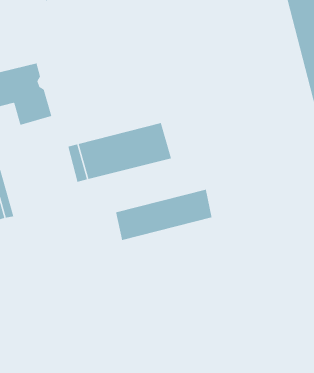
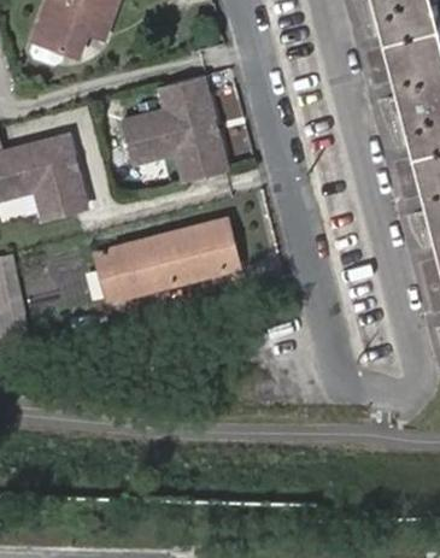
building: none -> [115,78,221,183]
building: [115,189,212,241] -> none

